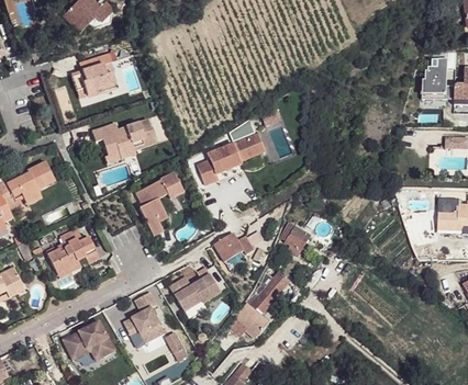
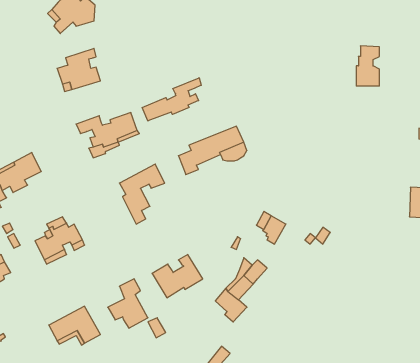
building: [420,58,444,100] -> [356,46,379,86]
building: none -> [142,78,201,121]
building: [213,233,252,262] -> none

